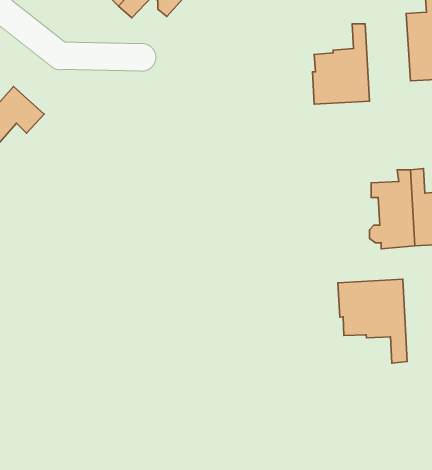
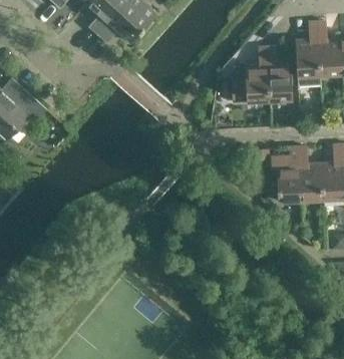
building: none -> [267,47,292,100]
building: [338,279,407,363] -> none

